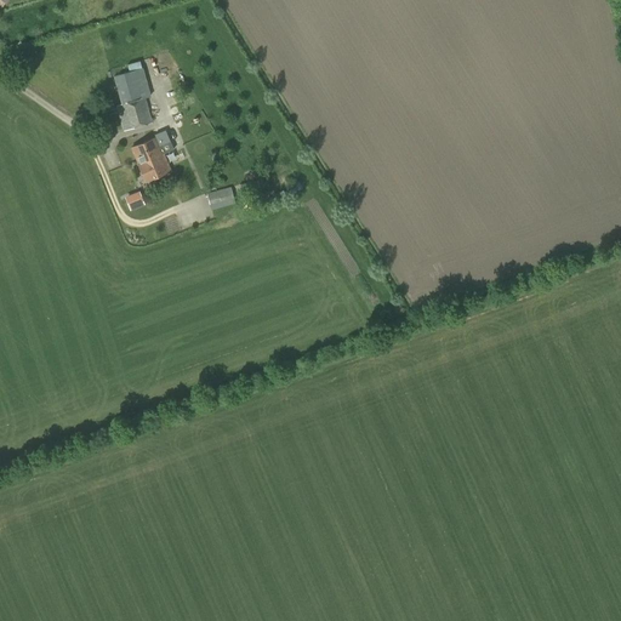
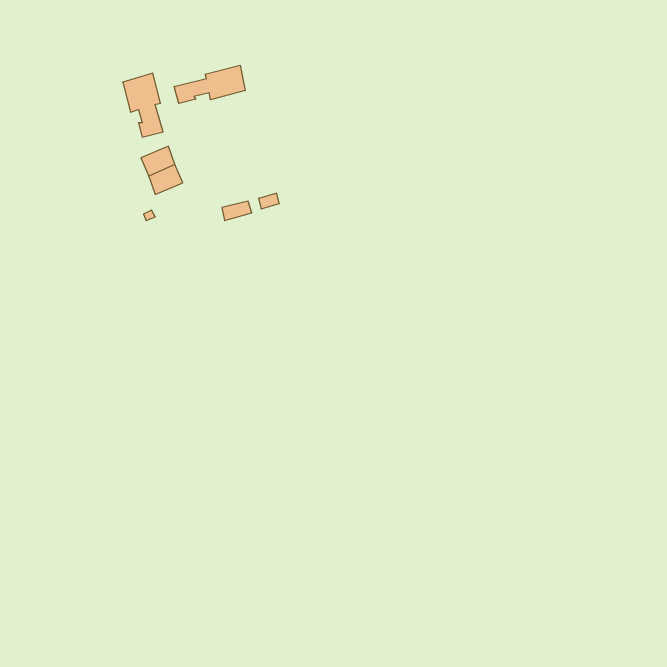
building: none -> [174,65,245,104]

